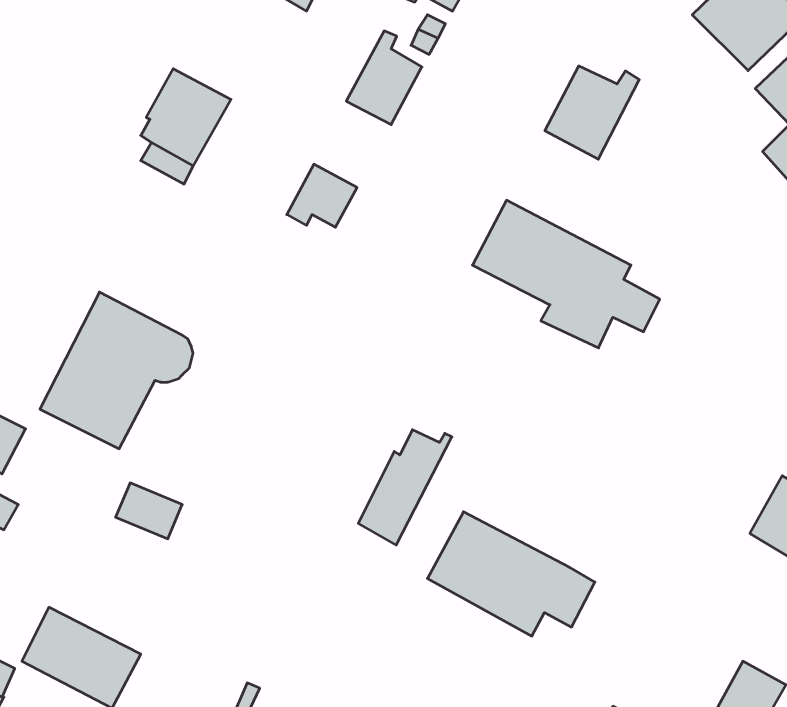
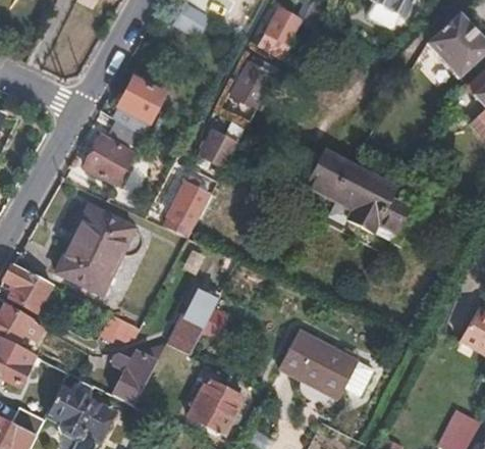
building: [545,66,639,159] -> none
building: none -> [87,135,134,182]
building: none -> [164,176,211,236]
building: [358,430,452,545] -> [169,289,222,354]
building: none -> [112,349,157,404]
building: none -> [187,379,241,433]

